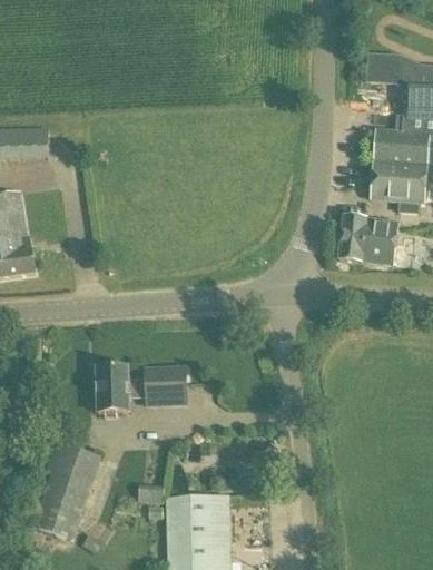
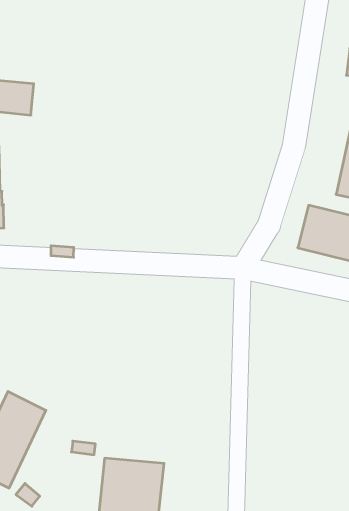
building: [96,365,186,412] -> none

